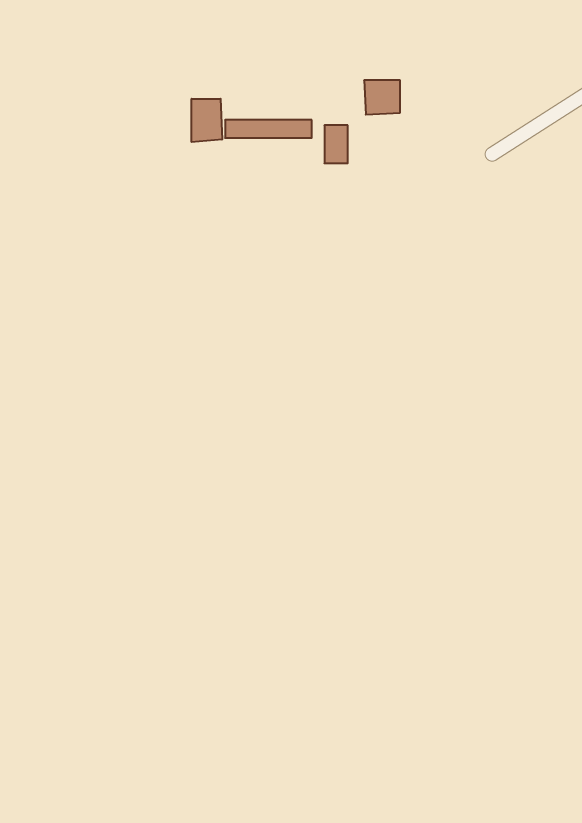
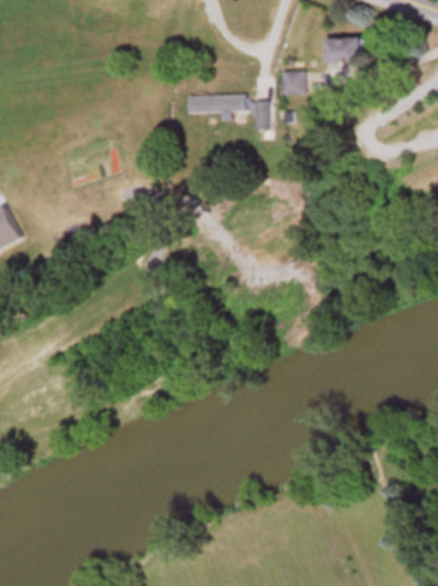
building: none -> [326,38,361,62]
building: [192,99,222,142] -> none

